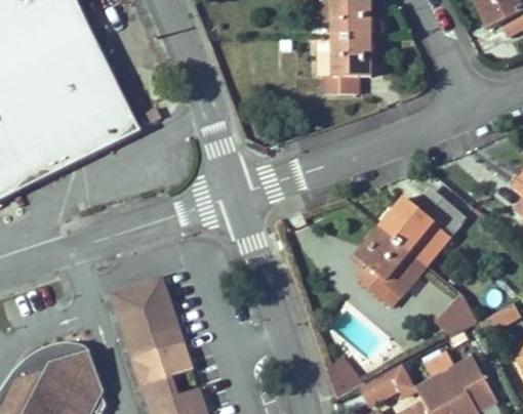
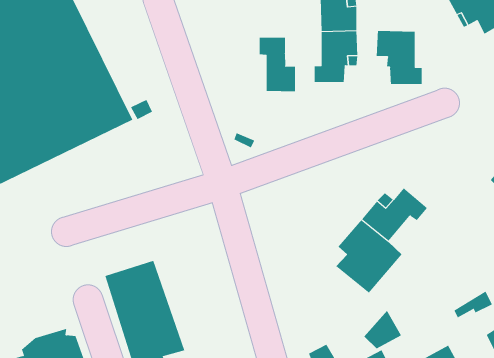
building: none -> [376,30,422,85]
building: none -> [259,37,295,92]
building: [434,299,474,340] -> [364,310,402,349]

